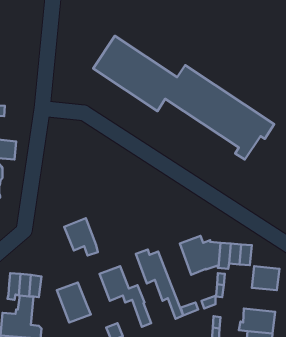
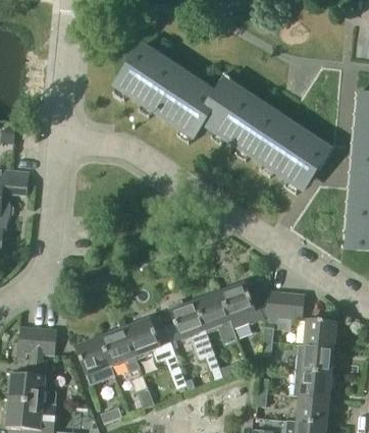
building: [64,218,98,256] -> [99,327,139,371]
building: none -> [194,291,236,342]
building: none -> [295,342,333,372]

